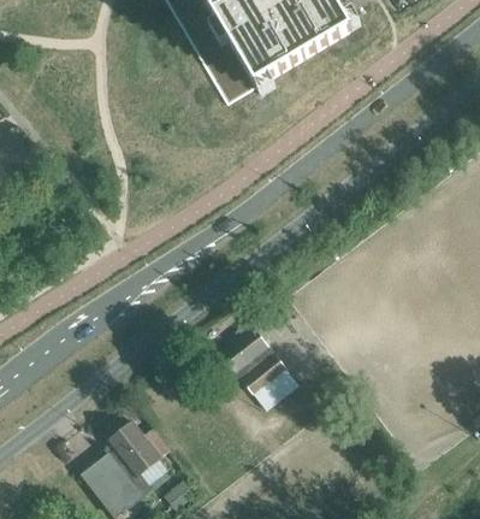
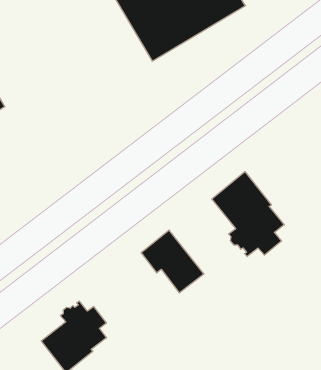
building: none -> [212,172,284,257]

